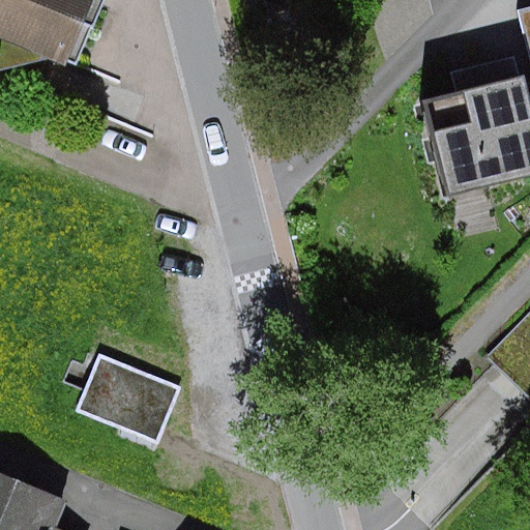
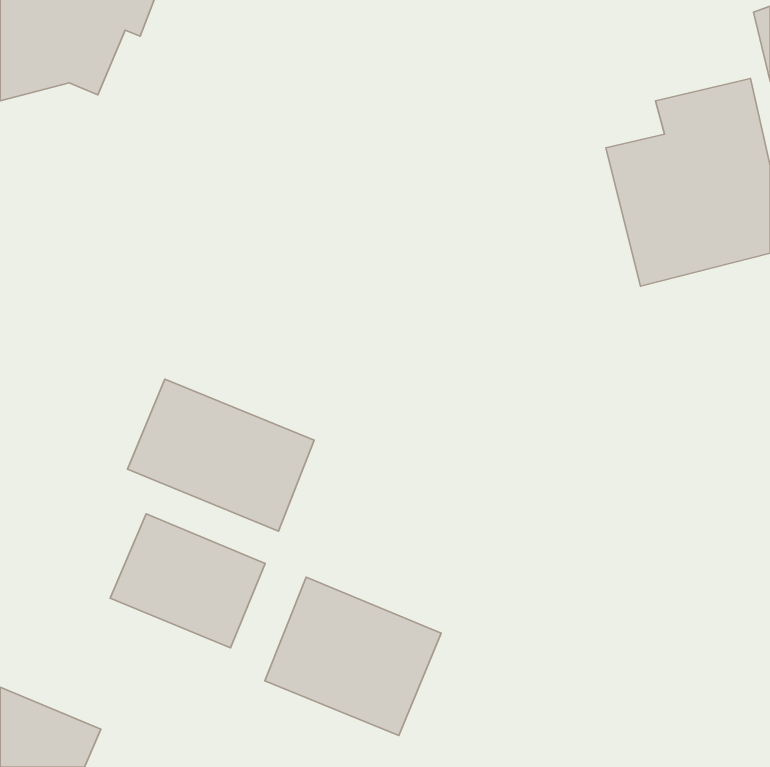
building: none -> [127,379,314,531]
building: none -> [265,577,441,735]

